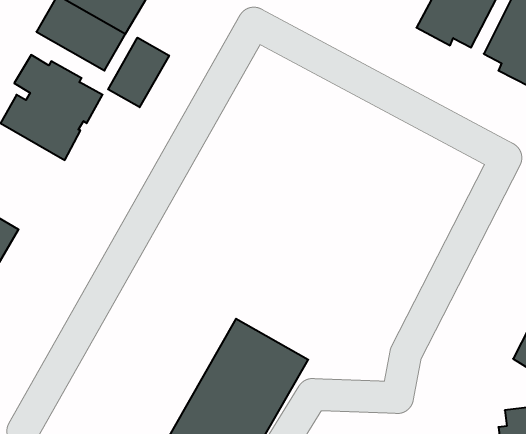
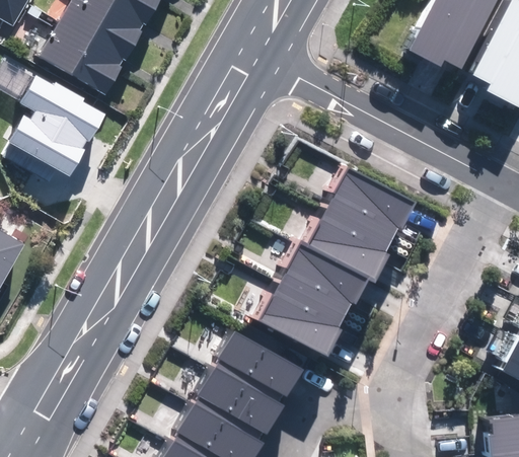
building: [108,38,169,107] -> none
building: none -> [260,167,415,356]

